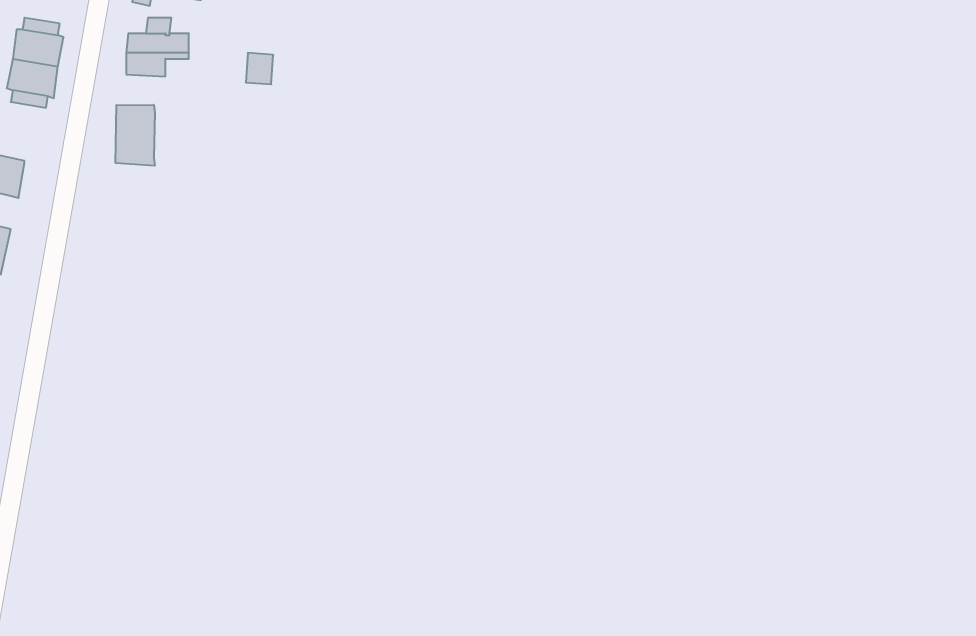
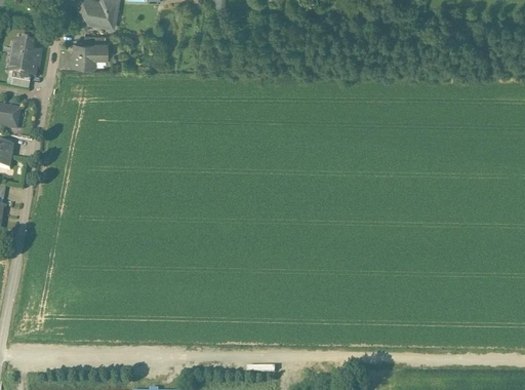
building: [116,105,155,166] -> none

